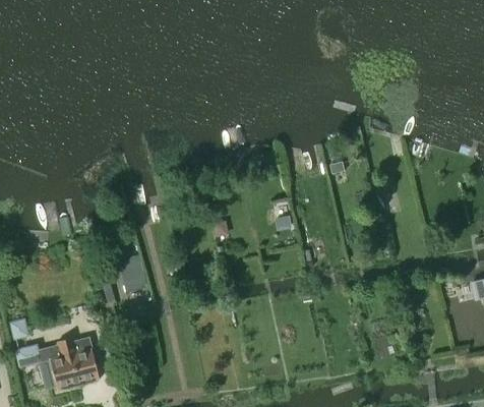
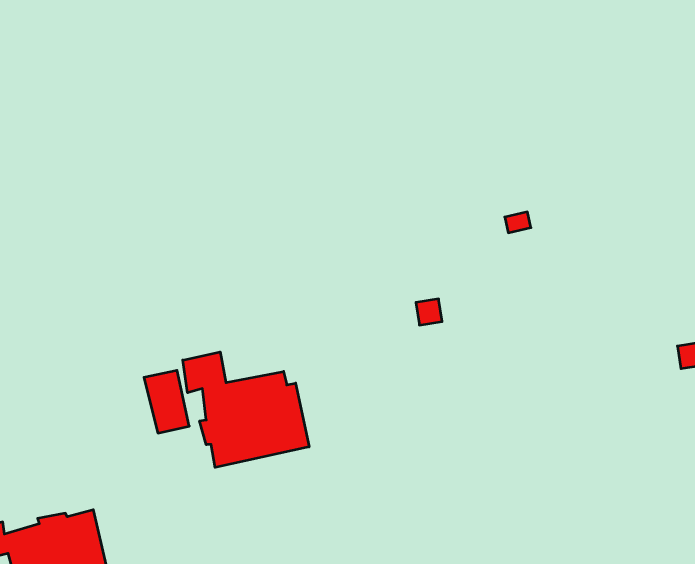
building: none -> [183,352,309,467]

